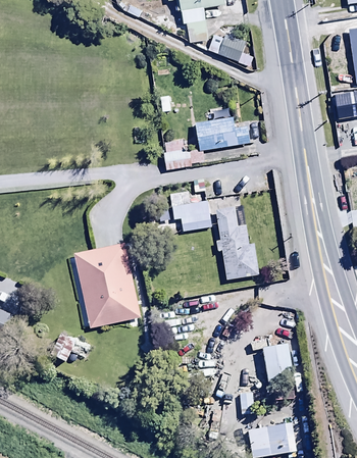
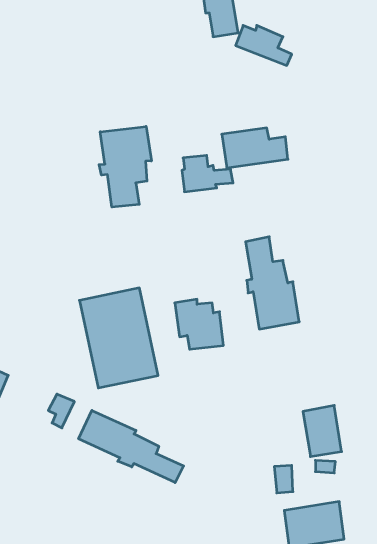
building: none -> [99,126,151,207]
building: [170,189,210,230] -> [175,299,223,349]
building: none -> [79,410,184,483]

